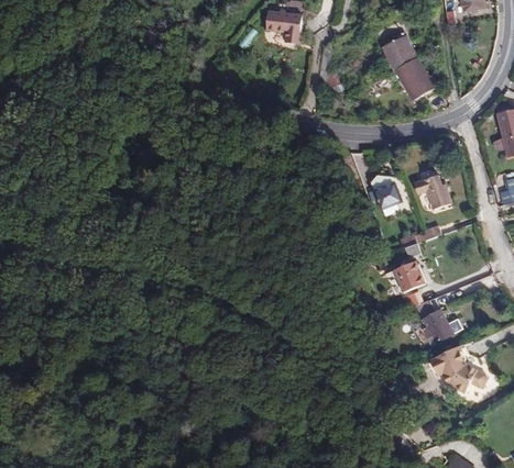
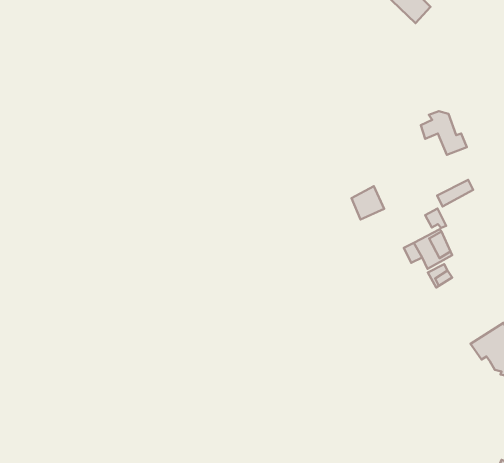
building: [376,182,403,209] -> [351,186,384,219]
building: [426,308,455,342] -> none

